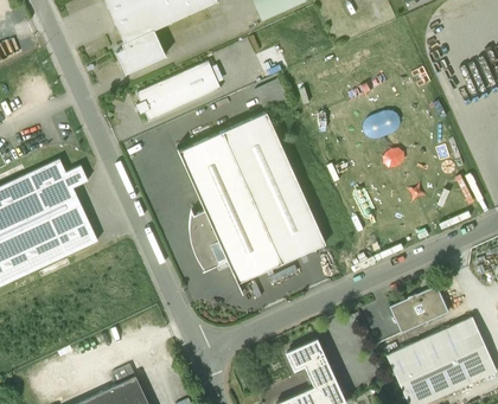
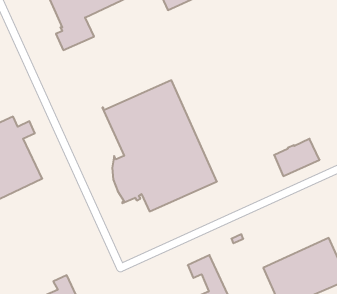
building: [135,62,219,122] -> none
building: [389,286,448,334] -> [274,139,320,176]

